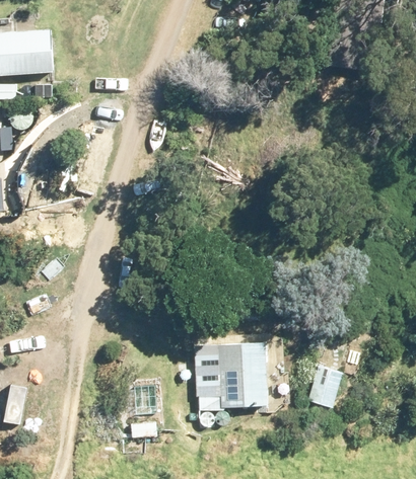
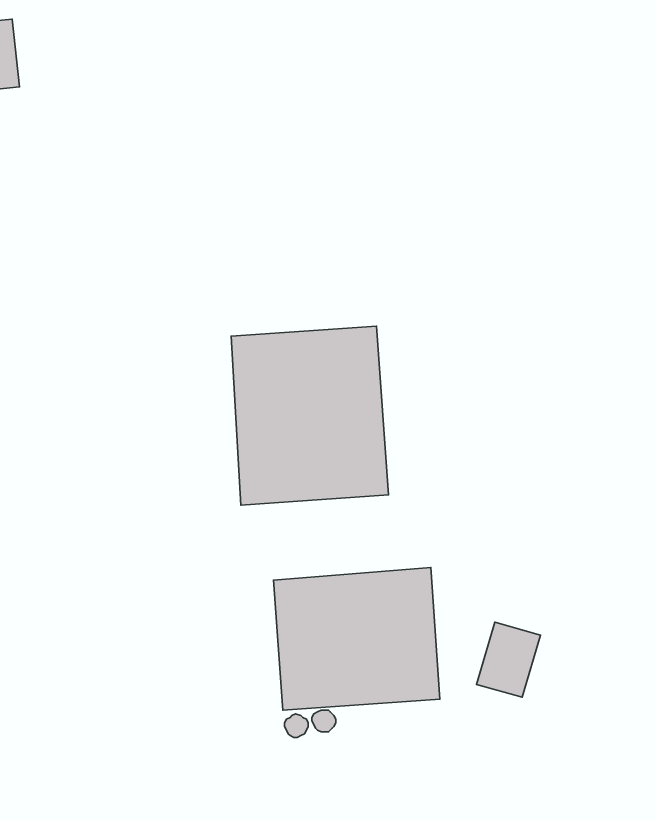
building: none -> [231,326,388,505]

